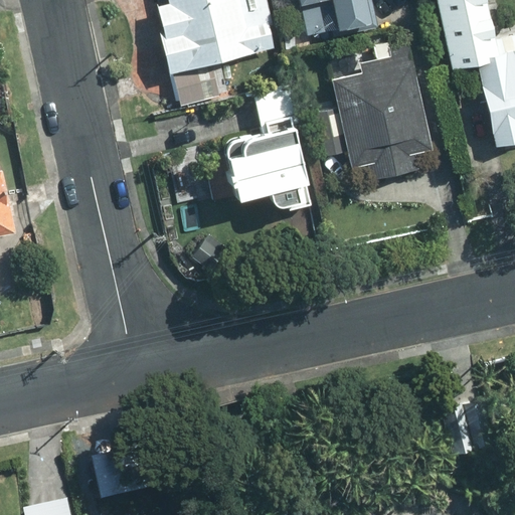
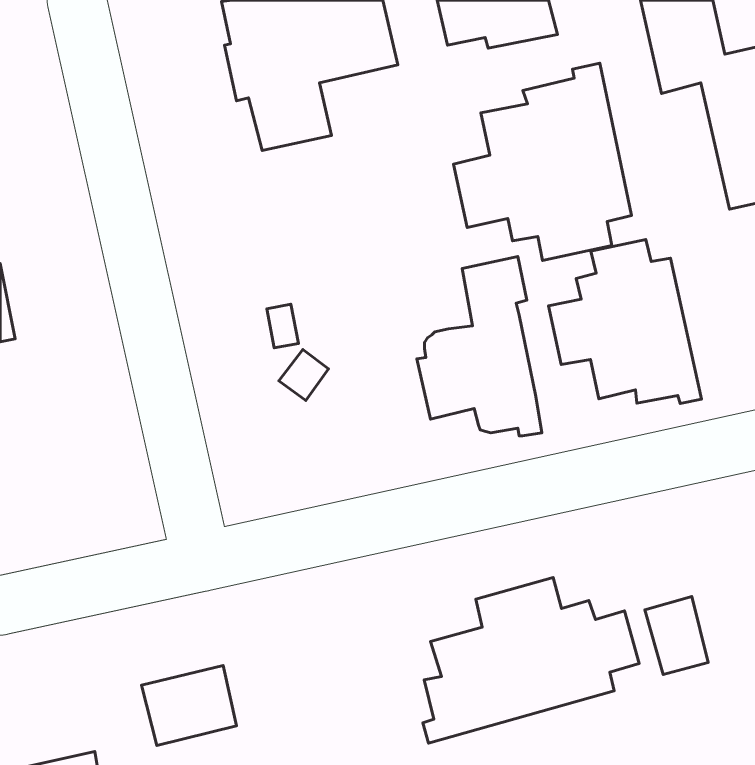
building: [226,85,310,205] -> [417,257,542,436]
building: none -> [549,239,702,404]
building: none -> [423,578,639,743]

